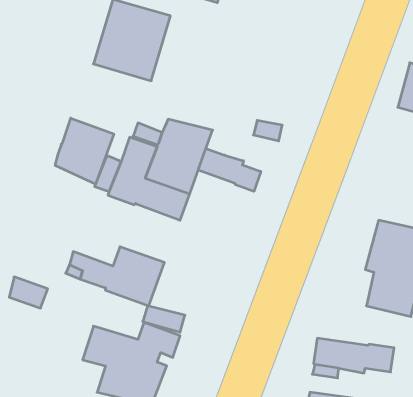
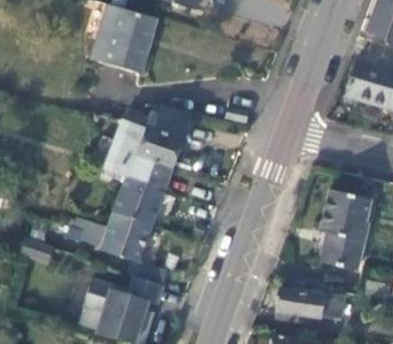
building: [55,118,114,184] -> none
building: [198,149,261,191] -> none
building: none -> [114,176,164,225]

